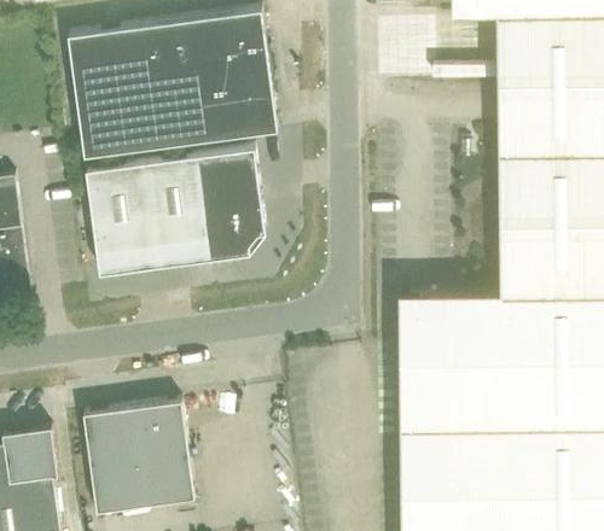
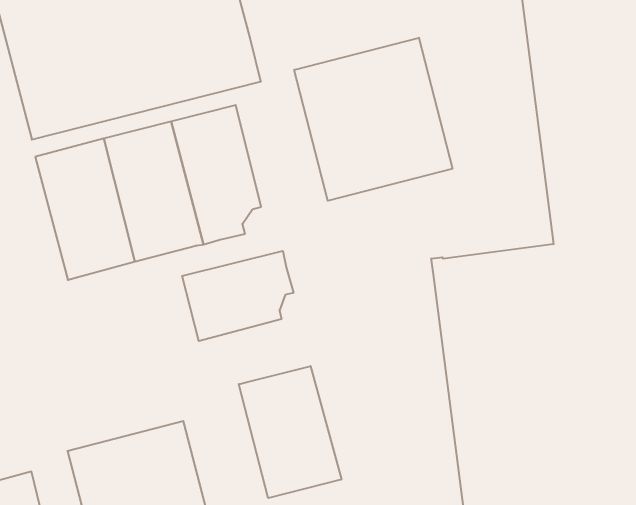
building: none -> [294,38,452,201]
building: none -> [182,251,293,341]
building: none -> [239,366,341,498]

